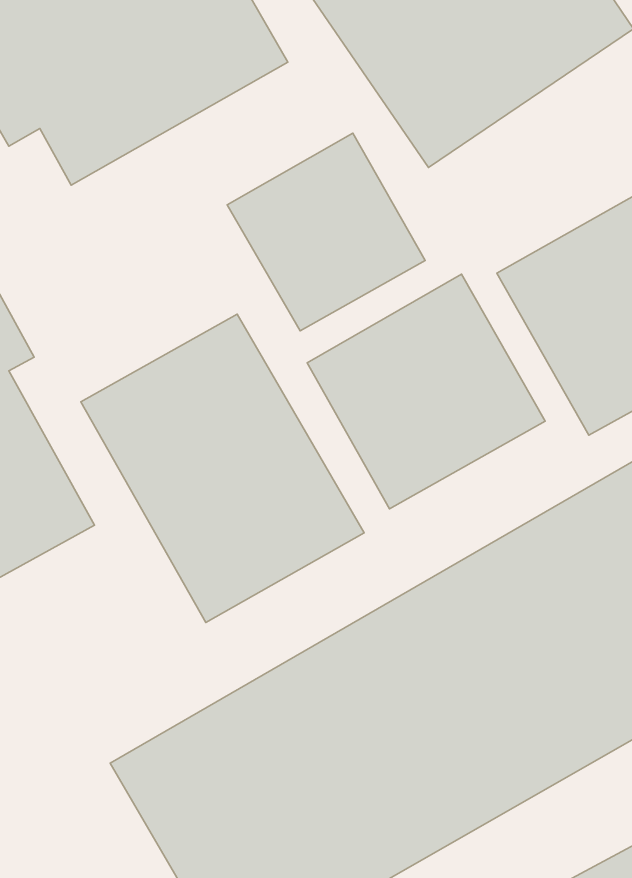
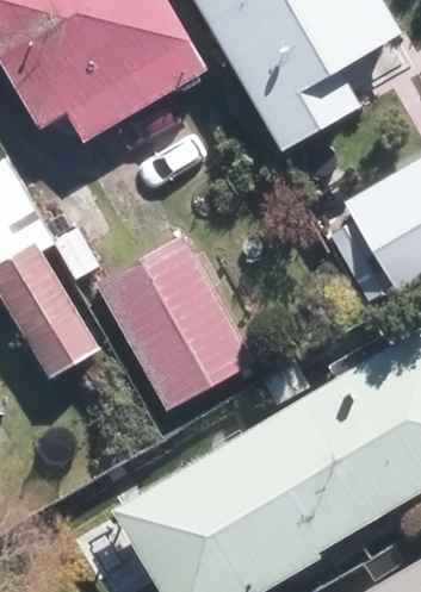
building: [227,133,425,331] -> none
building: [307,274,545,509] -> none

